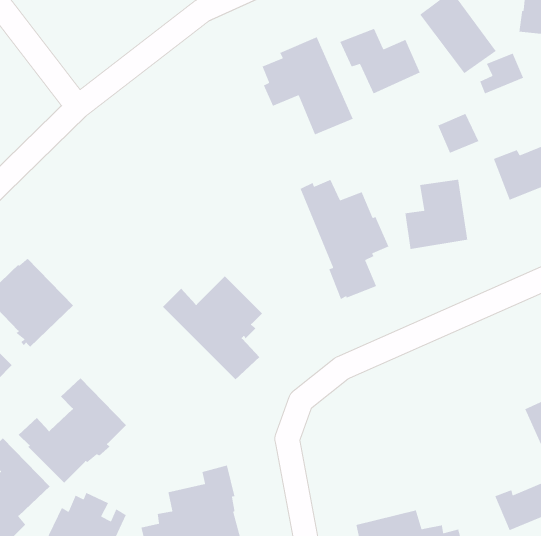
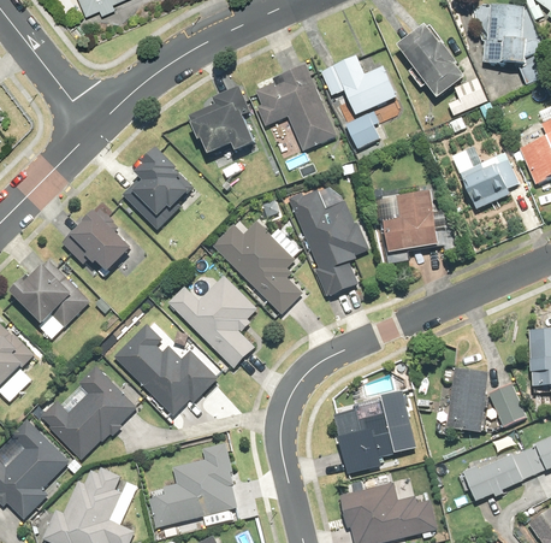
building: none -> [188,84,251,154]
building: [437,113,479,154] -> [344,112,381,148]
building: none -> [124,146,192,229]
building: none -> [61,208,130,272]
building: none -> [212,220,302,313]
building: none -> [113,323,217,415]
building: none -> [445,367,488,432]
building: none -> [332,389,416,473]

